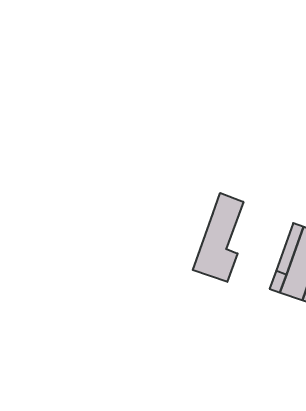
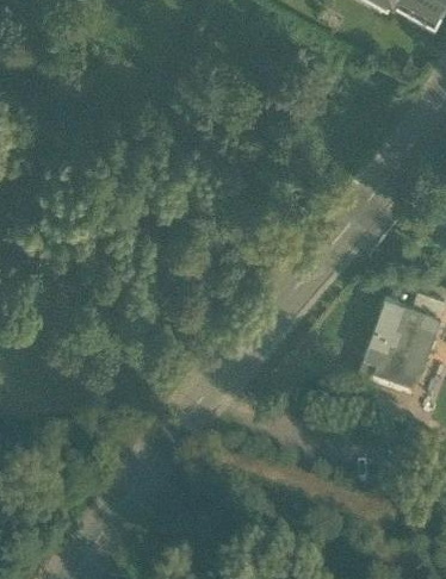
building: [193,193,243,282] -> none

